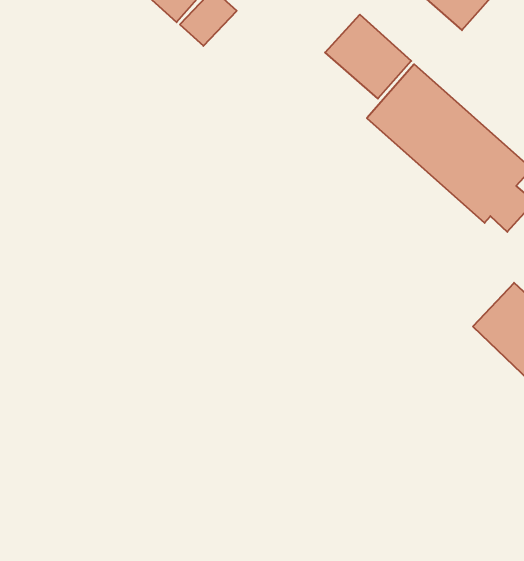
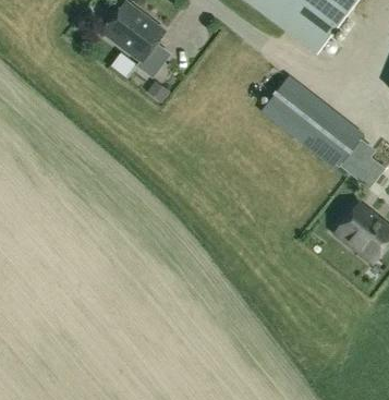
building: [325,15,411,99] -> none

